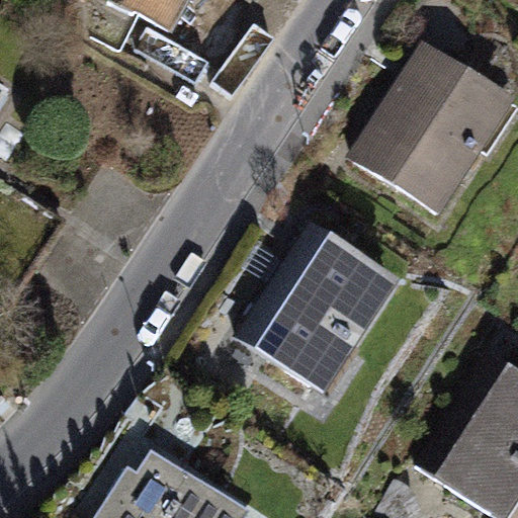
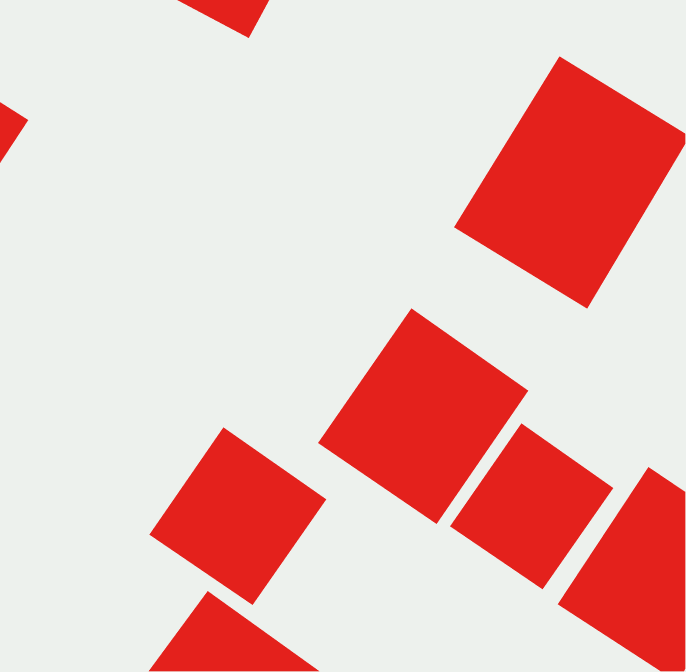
building: none -> [449,422,615,591]
building: none -> [148,426,328,606]

